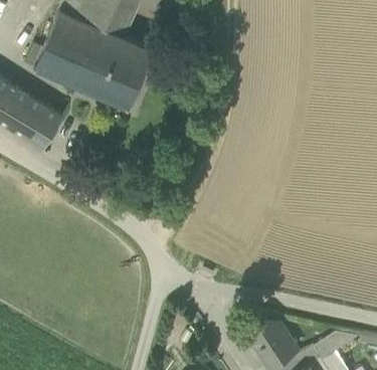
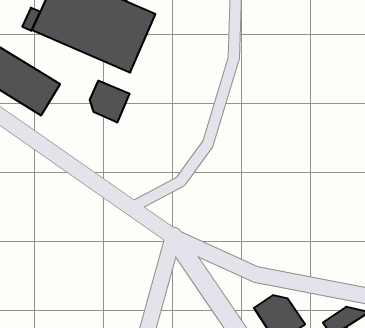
building: none -> [90,81,130,123]

